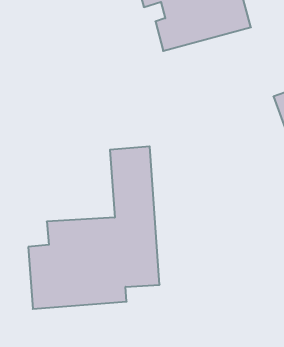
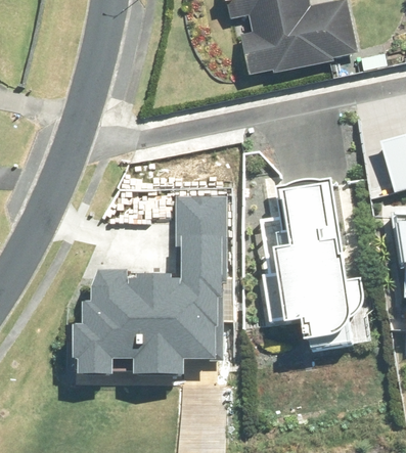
building: none -> [260,175,363,341]

